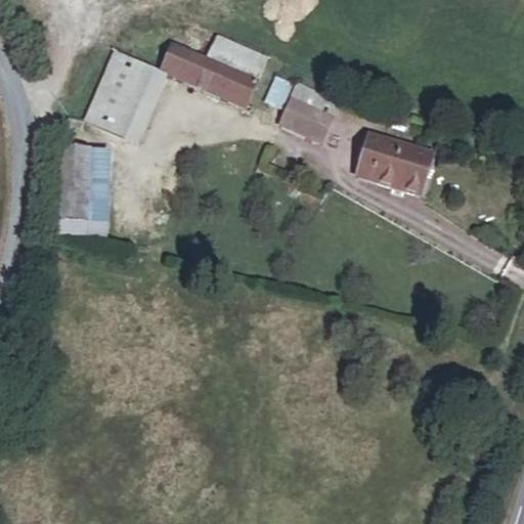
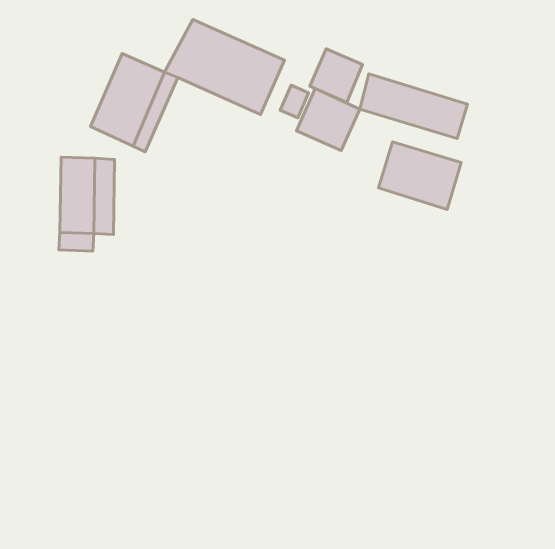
building: none -> [310,49,363,102]
building: none -> [360,74,468,139]

